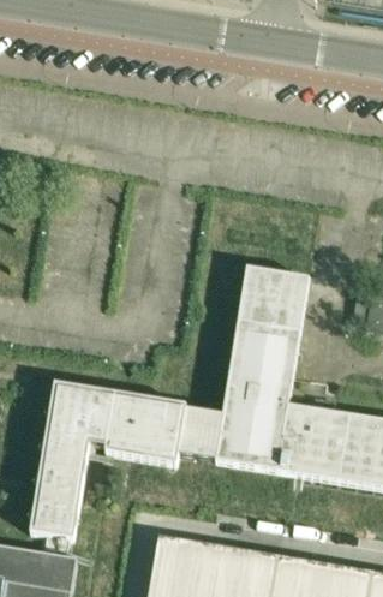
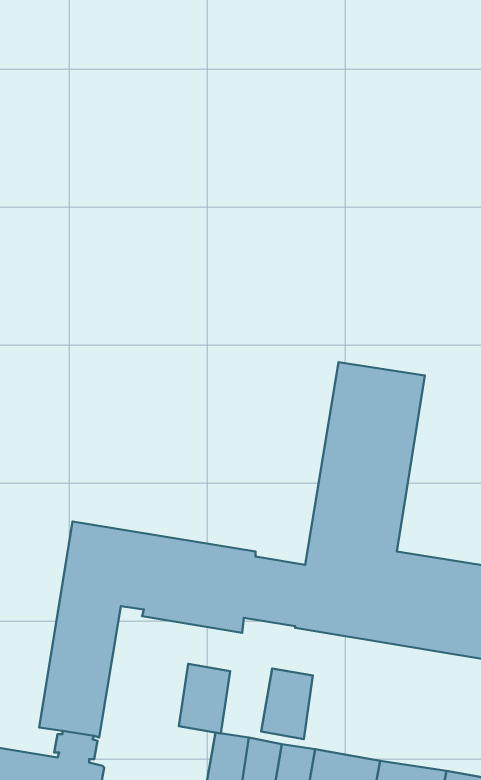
building: none -> [179,664,230,733]
building: none -> [261,669,313,739]

